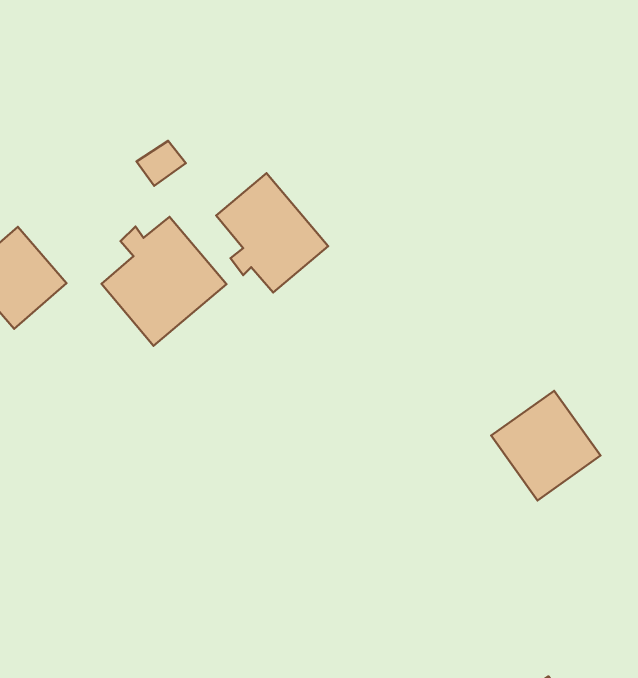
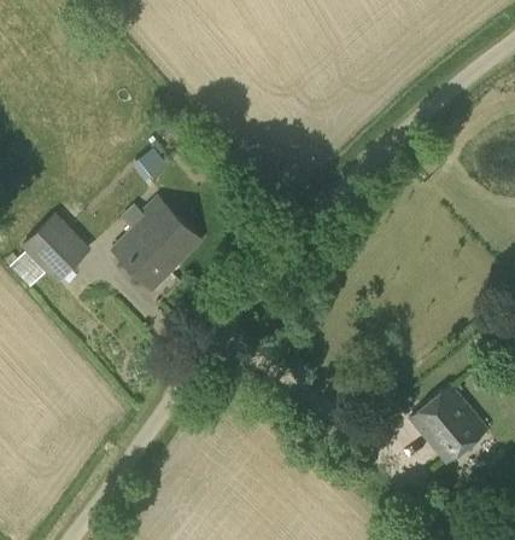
building: [216,173,328,293] -> none
building: [491,391,601,500] -> [411,387,487,463]

